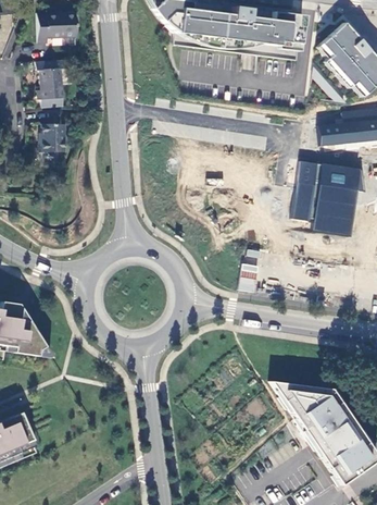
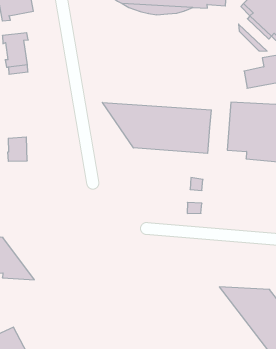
building: [39,123,63,151] -> [8,137,27,161]
building: none -> [102,102,211,153]

